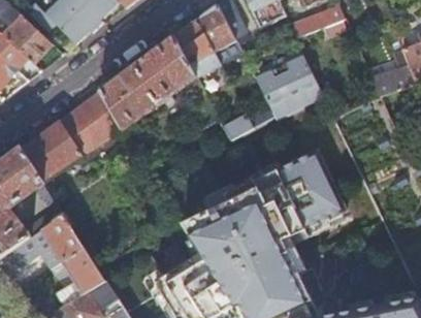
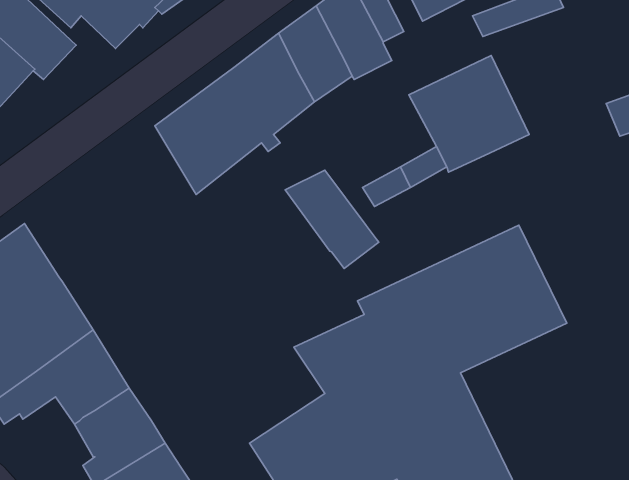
building: [20,90,121,181] -> none
building: none -> [285,170,379,268]

